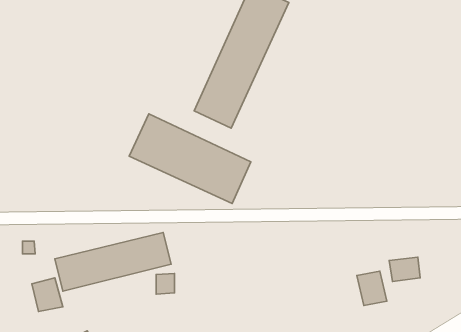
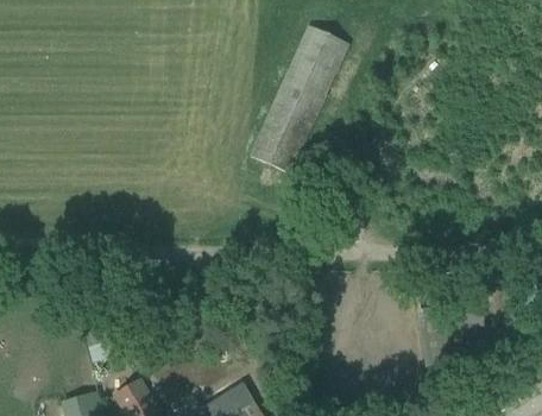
building: [129,114,251,203] -> none
building: [55,233,171,291] -> none

